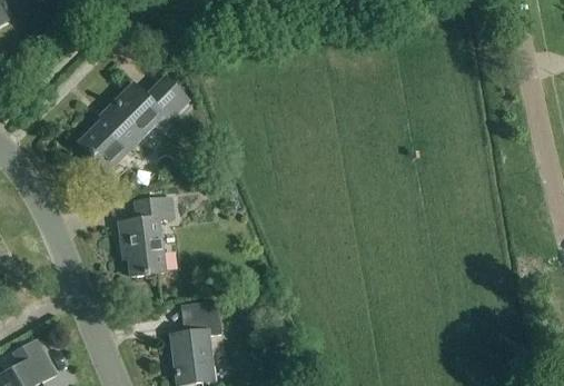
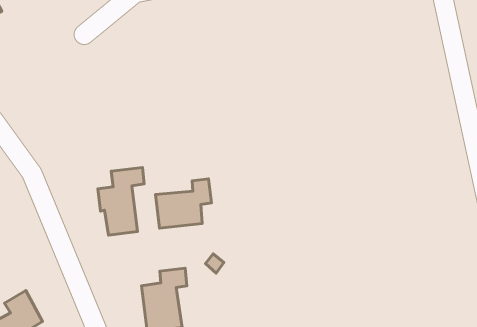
building: [78,77,188,178] -> none
building: none -> [155,179,211,228]

